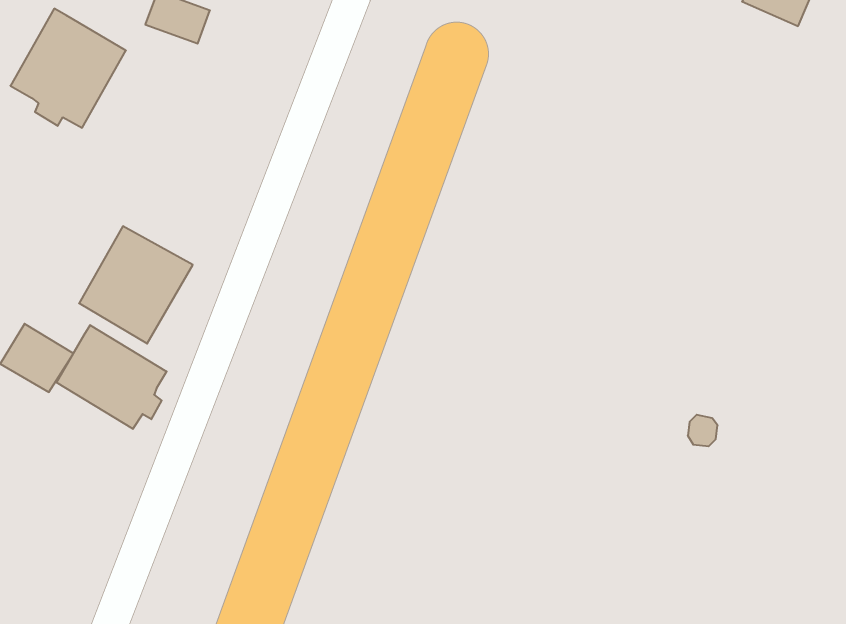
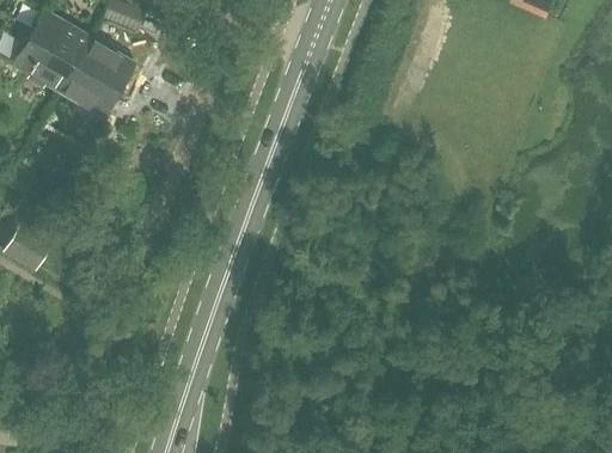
building: [79,226,193,344] -> [59,37,136,117]
building: [57,325,167,429] -> none

